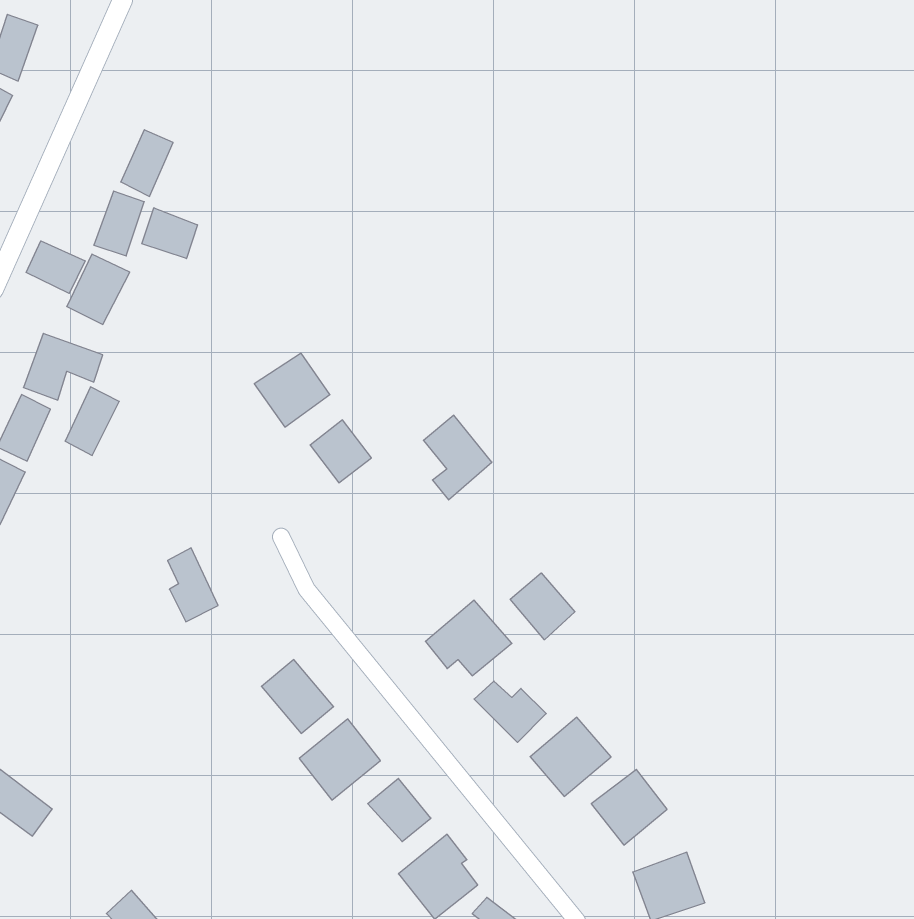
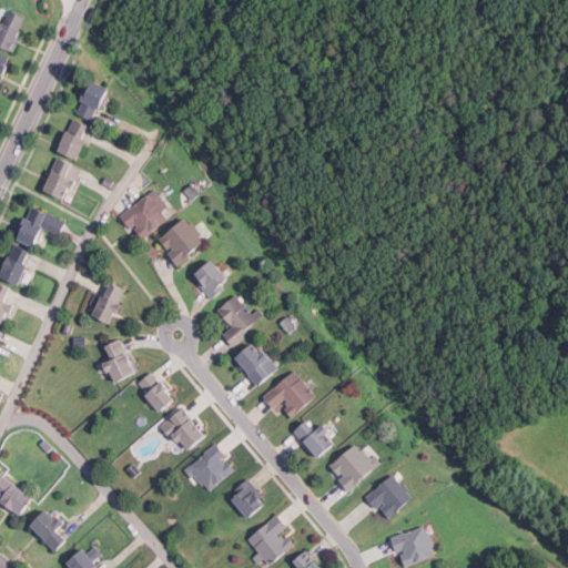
building: [142,208,197,259] -> none
building: [26,241,85,293] -> none
building: none -> [120,191,168,241]
building: [65,387,119,455] -> [92,282,125,324]
building: [423,415,492,500] -> [215,294,257,346]
building: none -> [234,342,275,386]
building: [510,573,575,640] -> none
building: none -> [135,371,175,413]
building: none -> [29,509,71,551]

